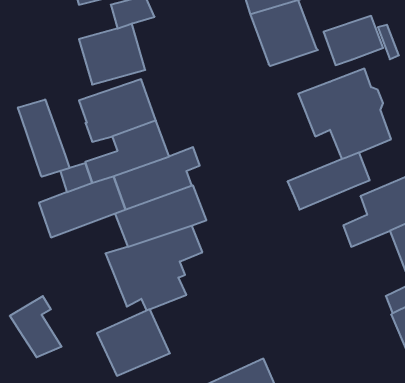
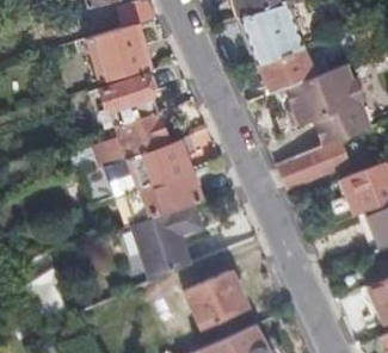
building: [323,16,383,65] -> [260,48,314,92]
building: [18,99,70,177] -> none
building: [97,309,170,376] -> [184,270,250,329]

